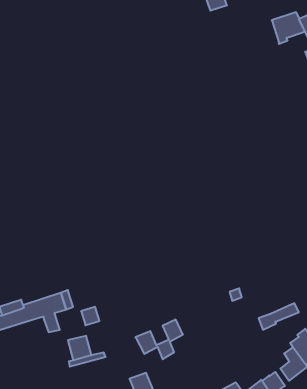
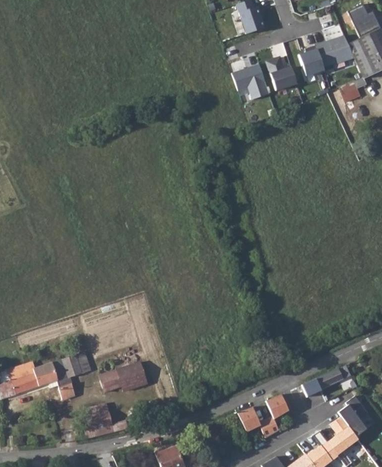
building: none -> [299,45,324,76]
building: none -> [266,57,296,90]
building: none -> [231,64,269,100]
building: none -> [115,362,147,392]
building: [135,320,183,359] -> [234,393,288,438]

